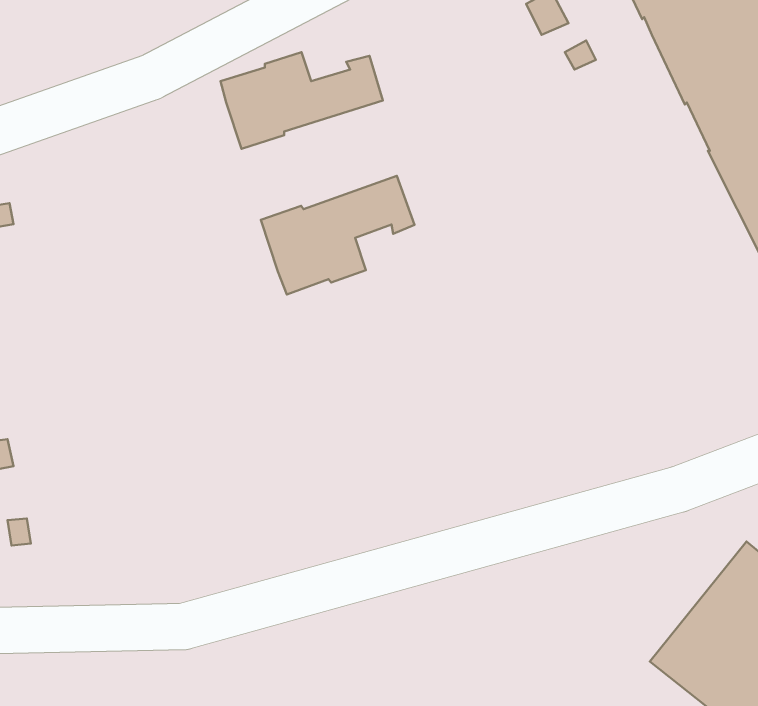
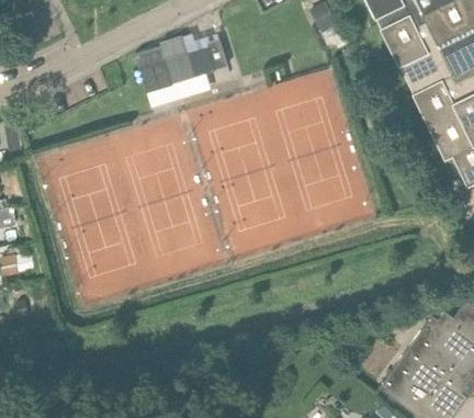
building: [261,176,414,294] -> none

